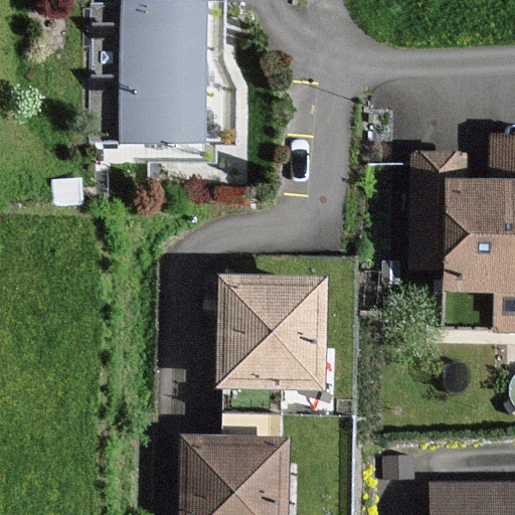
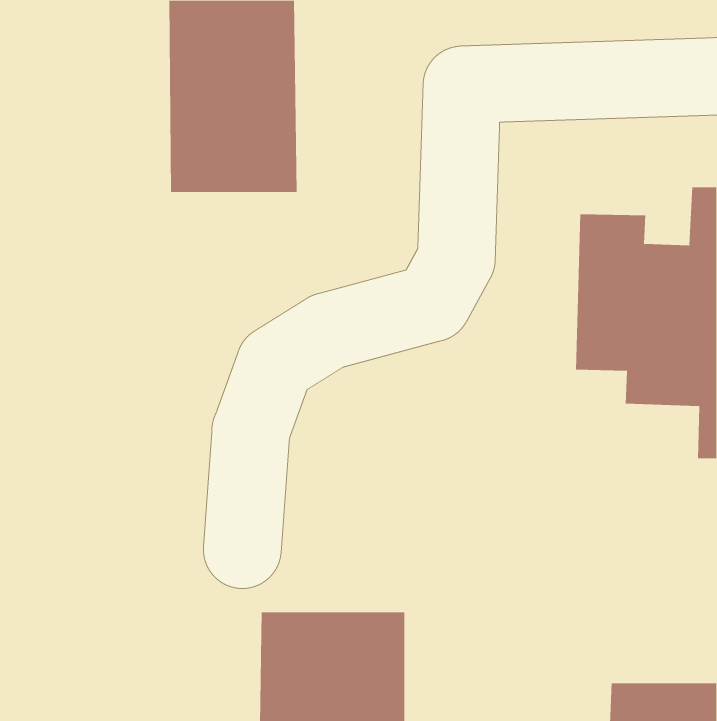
building: [222,275,326,383] -> none

